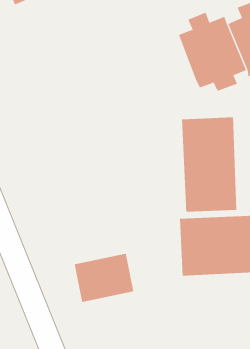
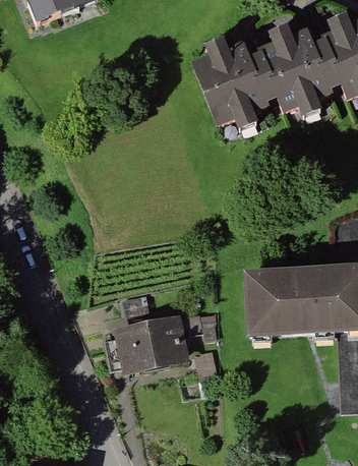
building: none -> [186,33,268,128]
building: [182,116,237,213] -> none

